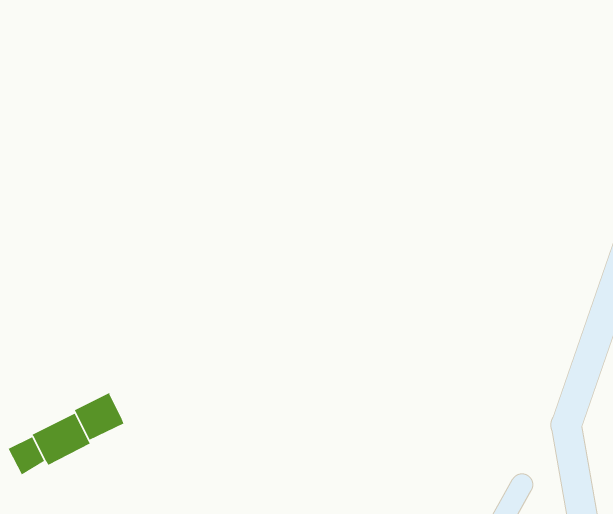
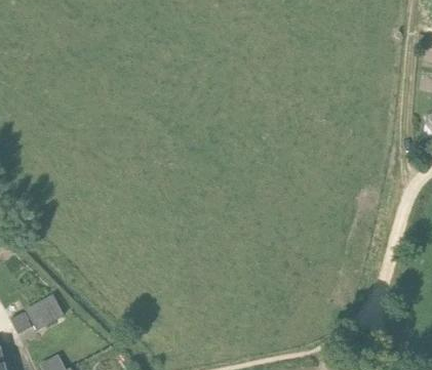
building: [74,392,125,441] -> none

